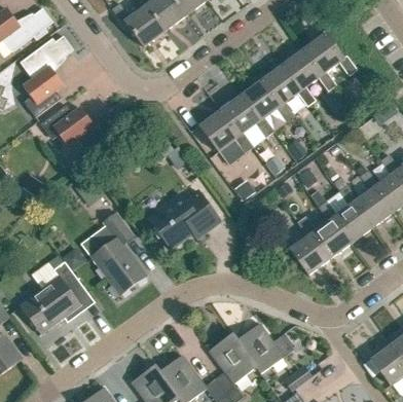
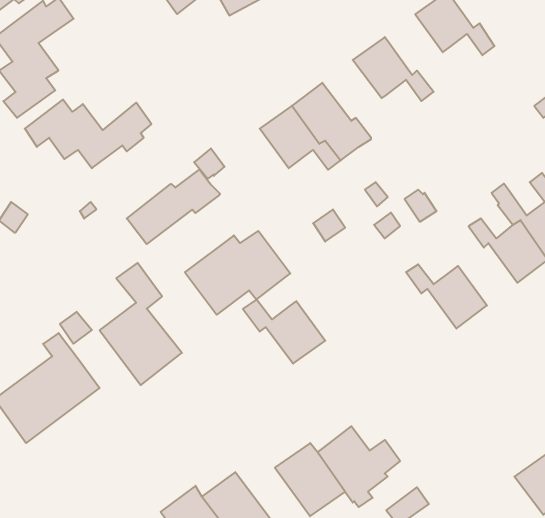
building: [283,46,336,89] -> none
building: [241,77,294,120] -> none
building: none -> [127,170,220,244]
building: [318,198,372,243] -> none
building: [276,230,331,273] -> [243,300,325,364]

